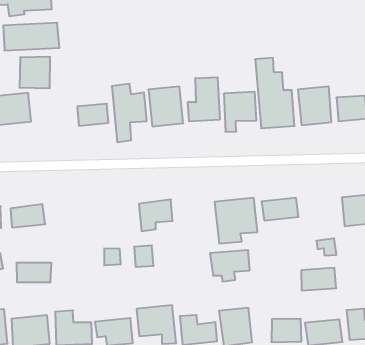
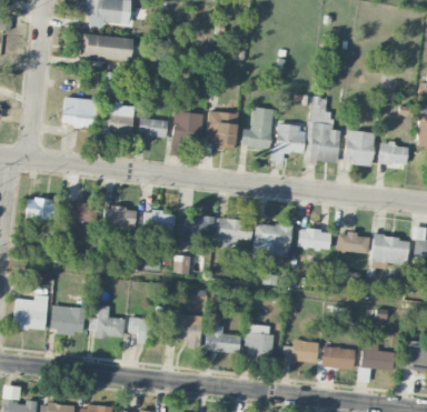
building: [19,57,50,88] -> [103,103,136,135]
building: none -> [142,211,175,239]
building: [210,250,250,281] -> [217,219,252,247]
building: [16,263,51,282] -> [103,205,138,228]
building: [301,268,336,291] -> [336,232,369,253]

